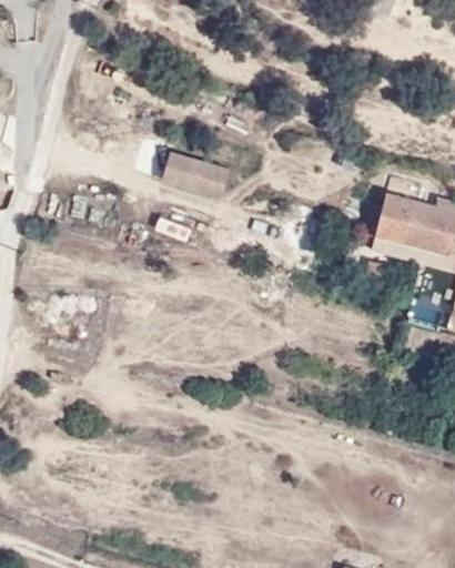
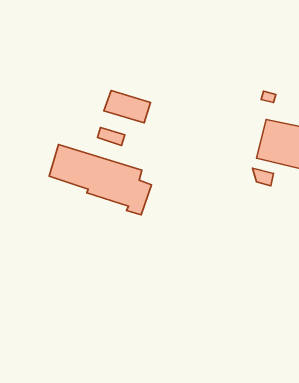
building: none -> [49,145,151,215]

